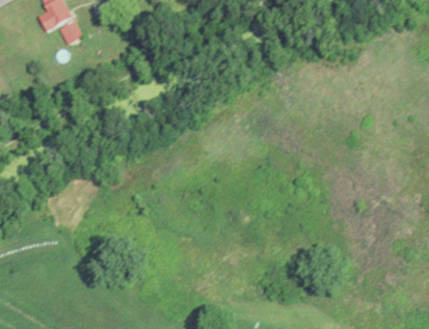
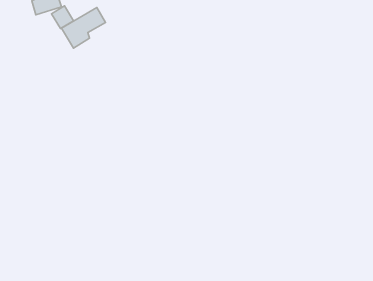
building: none -> [61,8,105,48]

